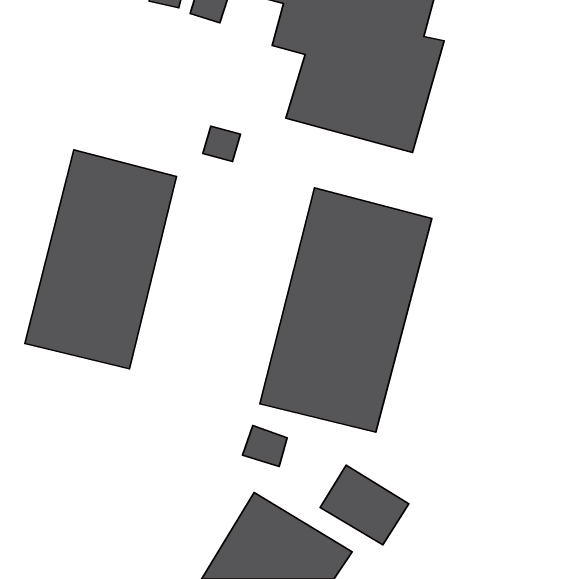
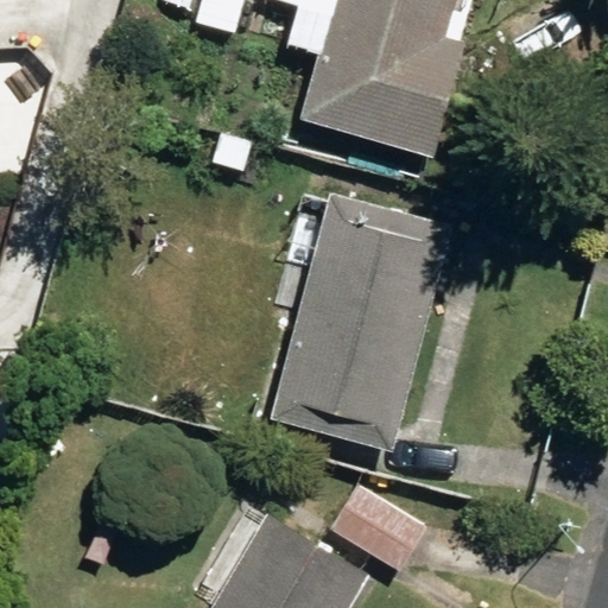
building: [25,150,177,369] -> none

